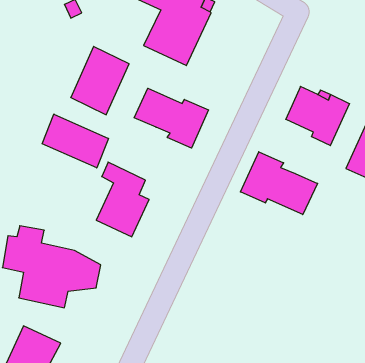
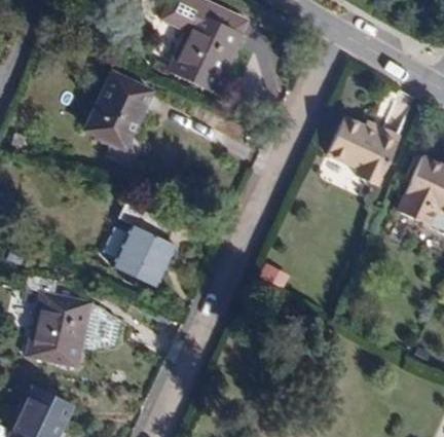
building: [134,88,209,148] -> none
building: [42,114,108,168] -> none
building: [240,152,318,215] -> none

